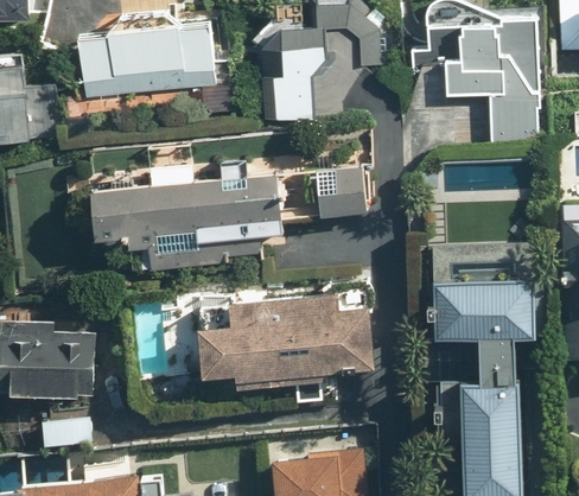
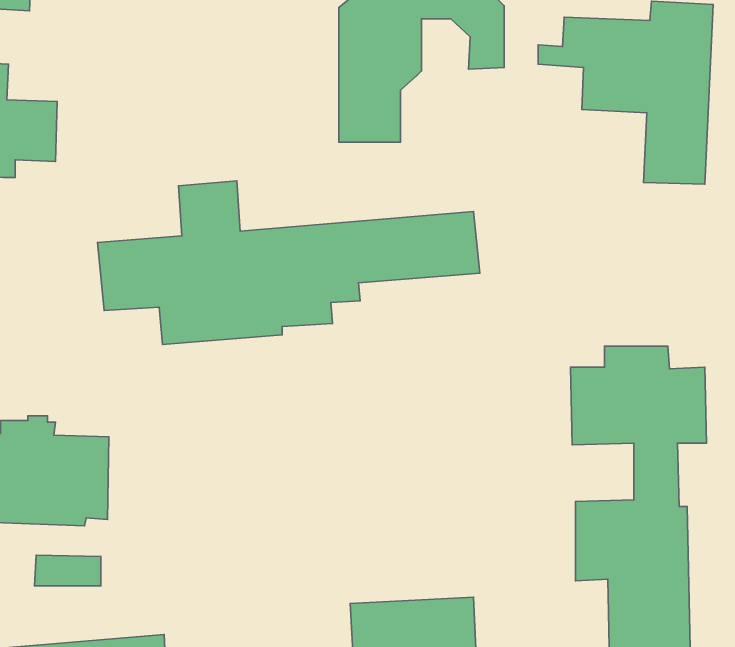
building: [81,27,215,98] -> none
building: [196,291,375,400] -> none

